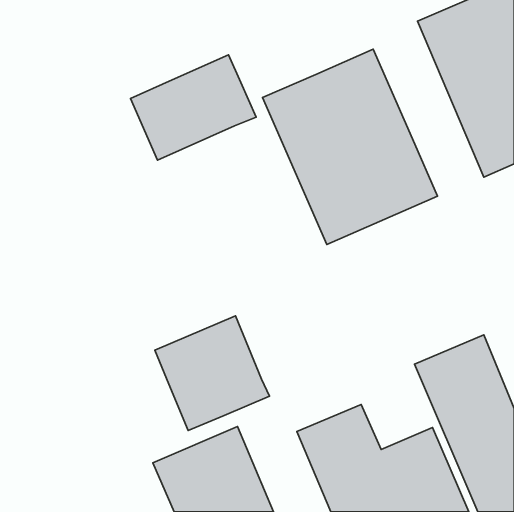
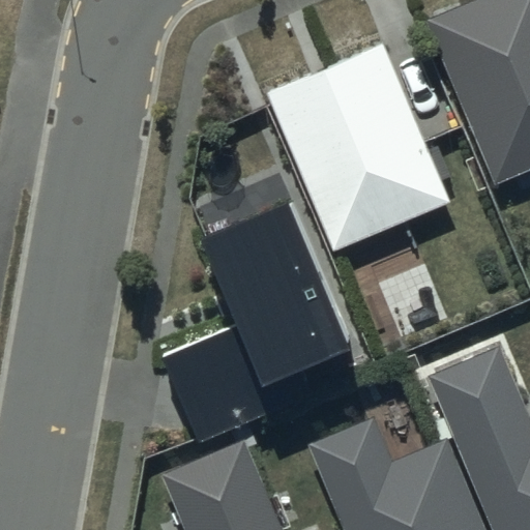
building: [131,55,256,160] -> none
building: none -> [206,207,353,390]

